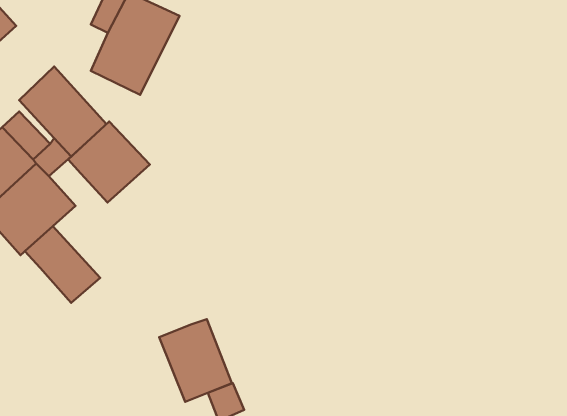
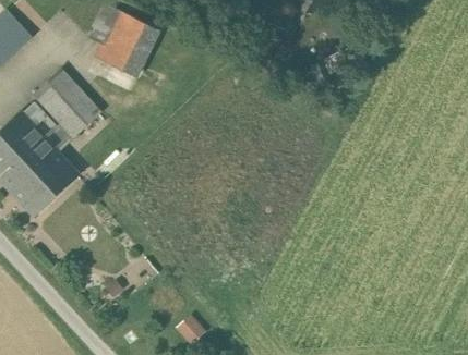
building: [68,122,150,203] -> none
building: [25,226,100,303] -> none
building: [159,319,232,402] -> none

